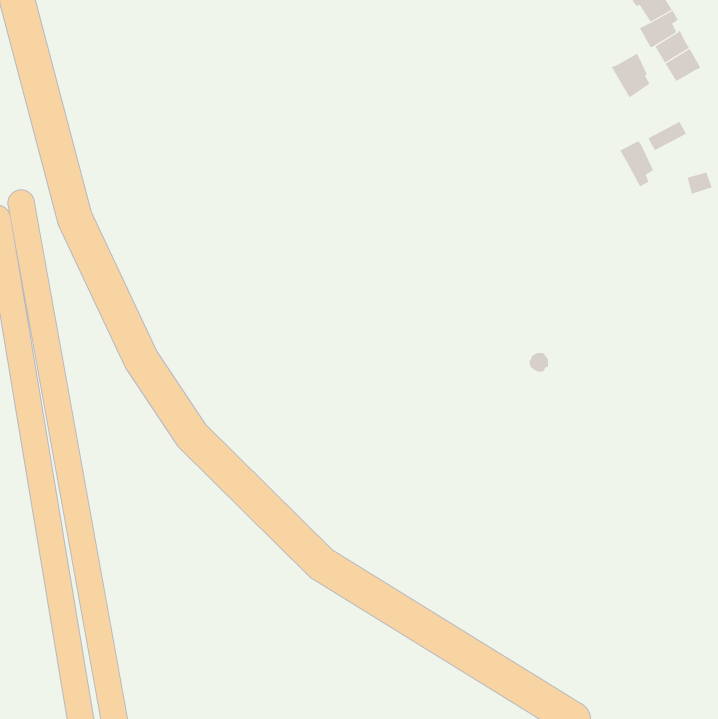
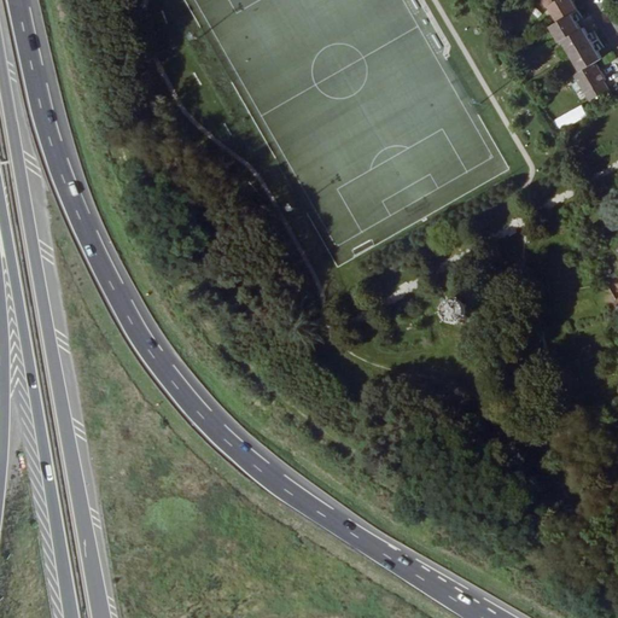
building: [611,53,650,98] -> [572,60,606,99]
building: [620,140,654,187] -> none

